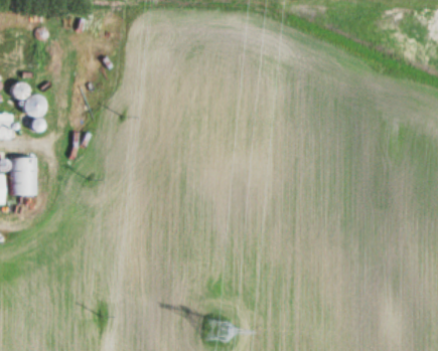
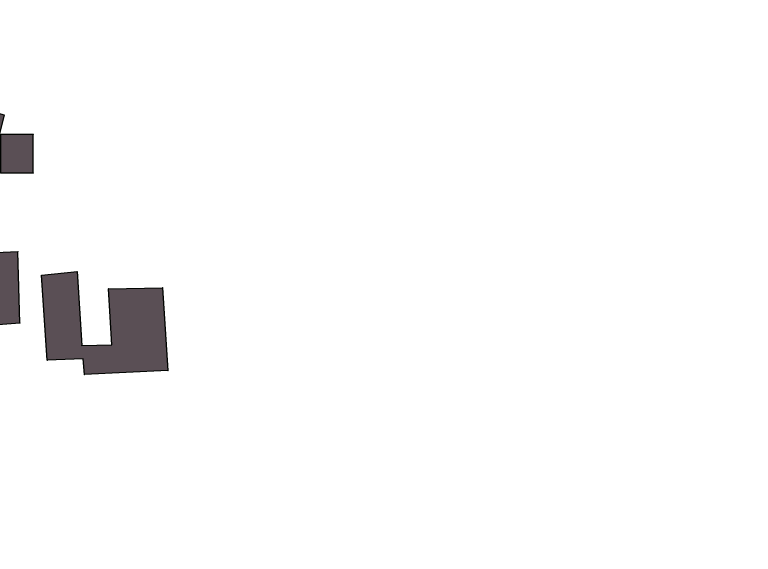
building: none -> [42,272,168,375]

